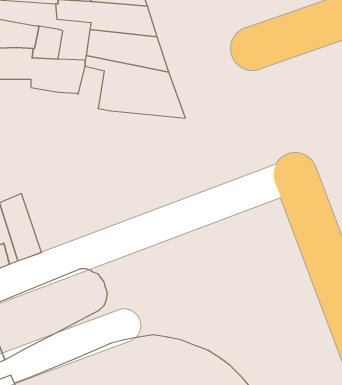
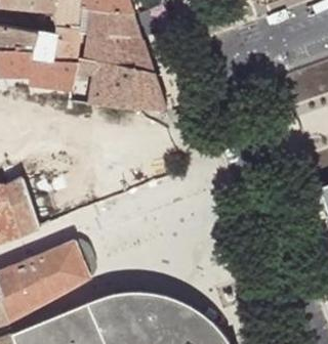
building: none -> [52,24,82,59]

